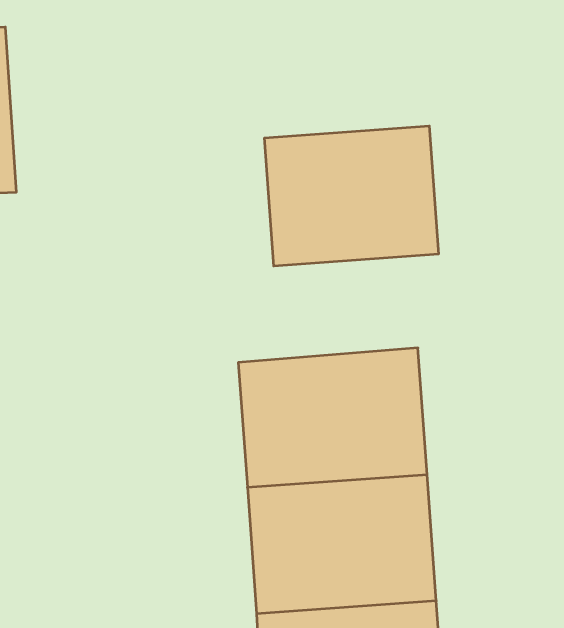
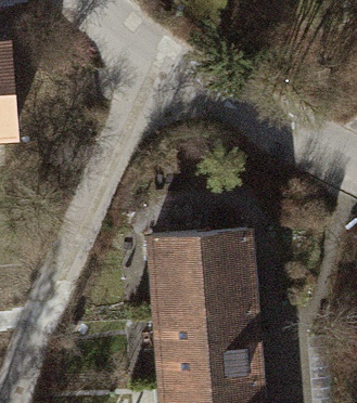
building: [265,126,438,266] -> none

